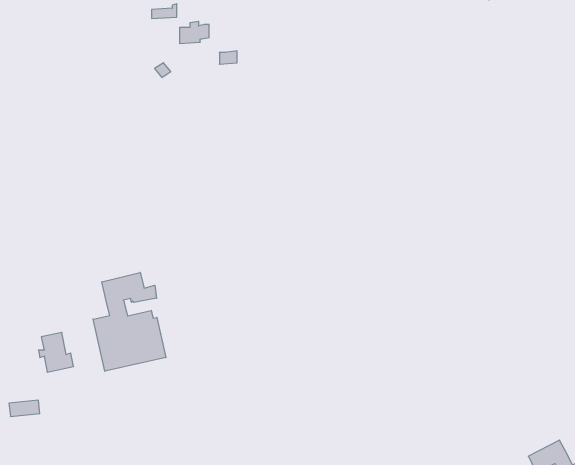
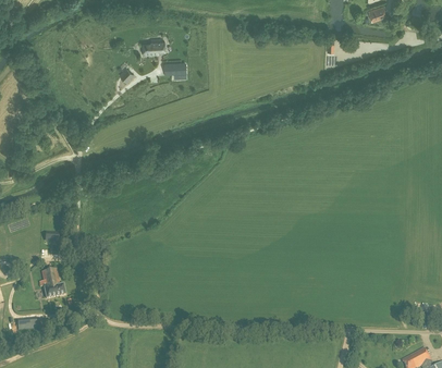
building: [93,272,166,371] -> none

